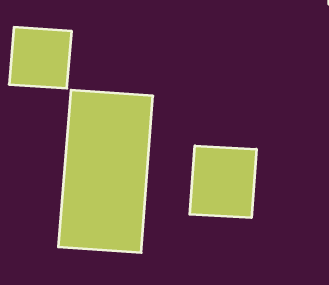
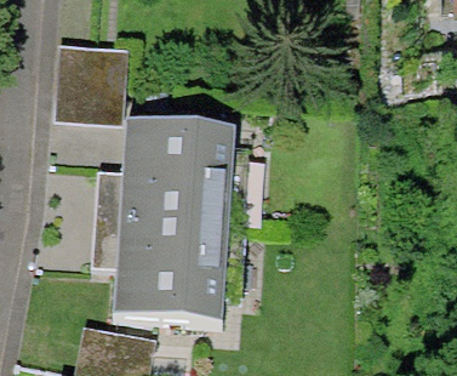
building: [190,146,256,218] -> none

